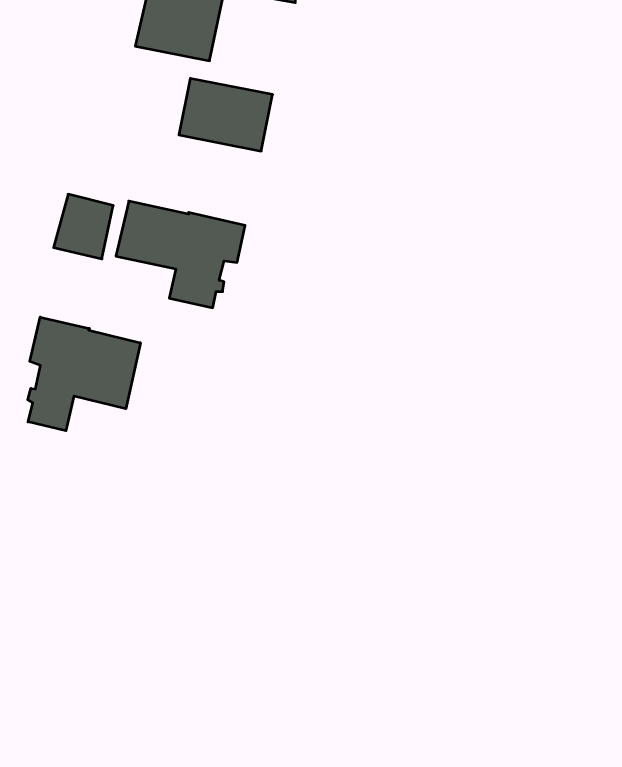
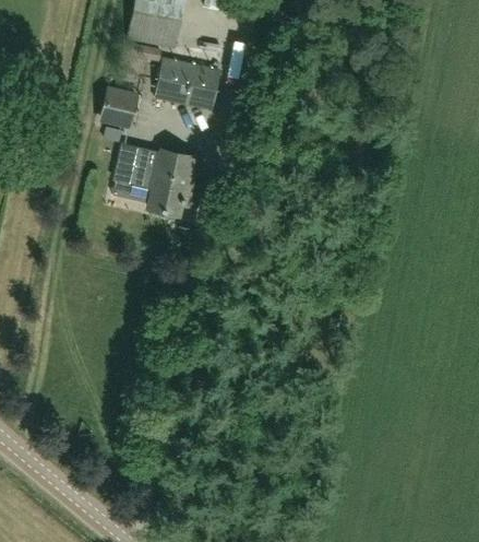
building: [54,194,113,259] -> [97,83,137,127]
building: [28,317,140,431] -> none

